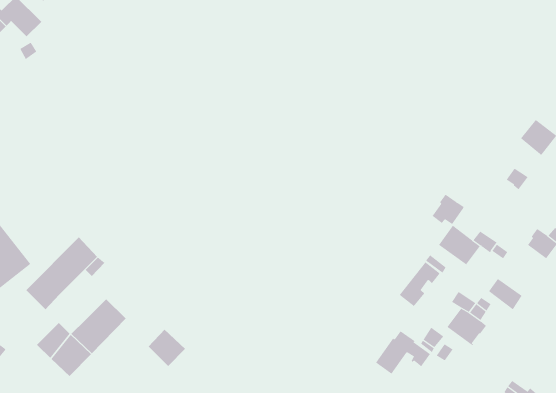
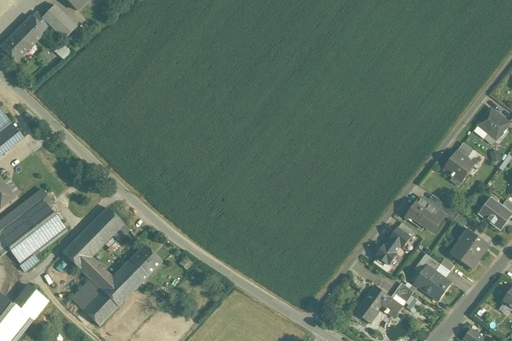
building: [431,194,464,225] -> [443,152,471,178]
building: none -> [458,229,489,257]
building: none -> [78,256,111,289]
building: [148,329,186,367] -> [129,244,161,276]

